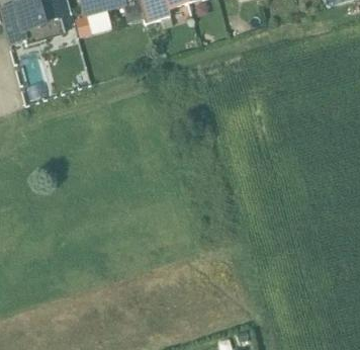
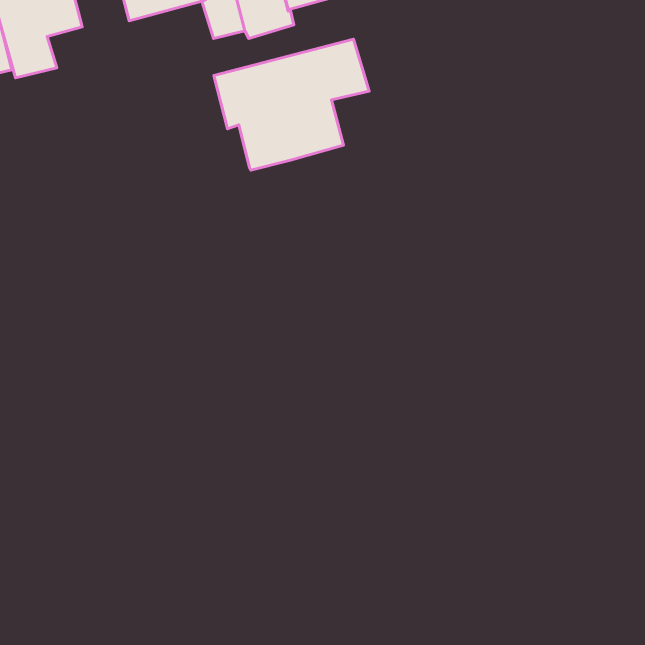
building: none -> [214,39,369,170]

